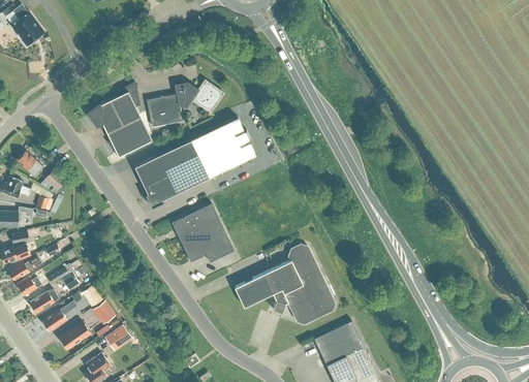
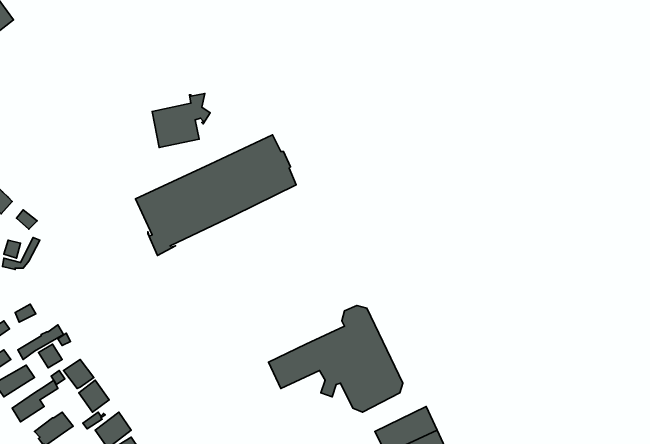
building: [184,79,223,113] -> none
building: [87,83,151,157] -> none
building: [170,203,234,262] -> none

